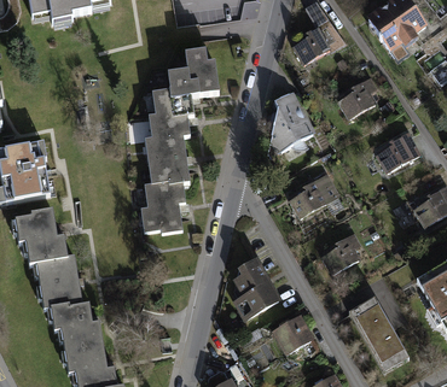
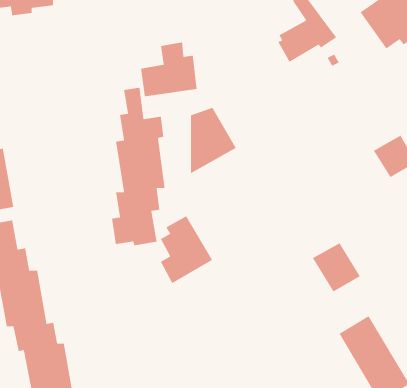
building: [338,78,377,118] -> none
building: [271,92,313,153] -> [190,107,237,175]
building: [285,172,335,213] -> none
building: [232,260,280,323] -> [160,215,213,284]
building: [271,310,314,356] -> none

